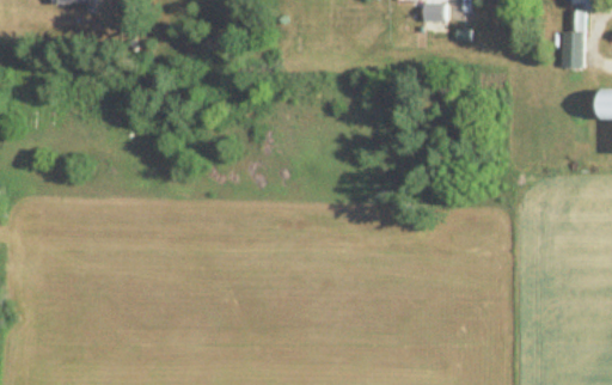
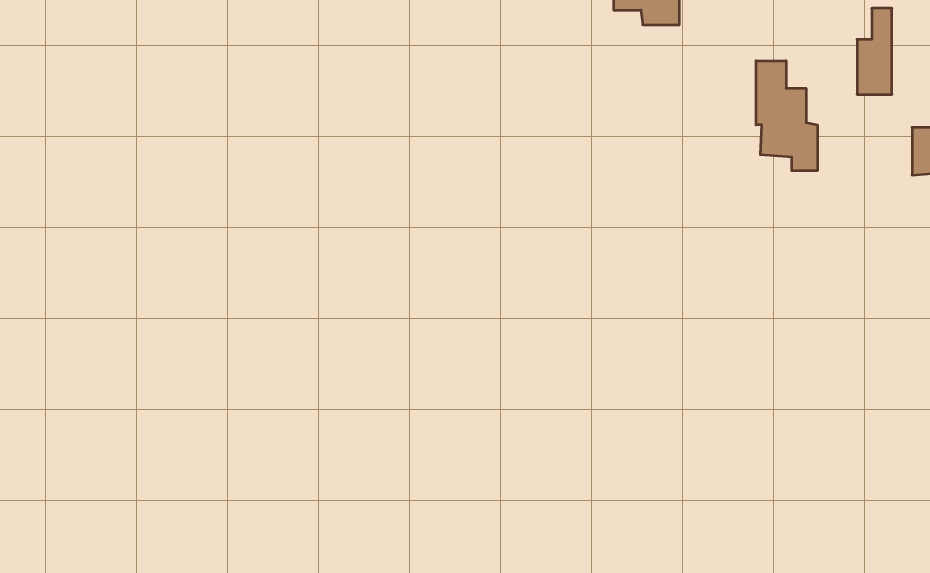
building: none -> [756,61,817,171]

